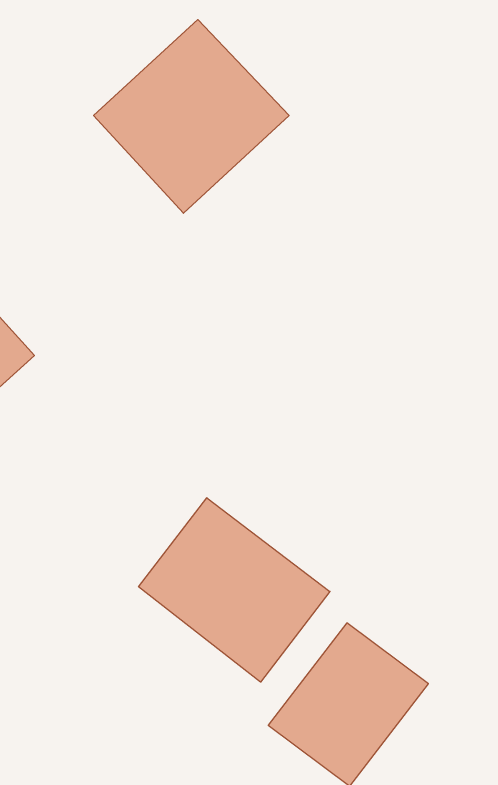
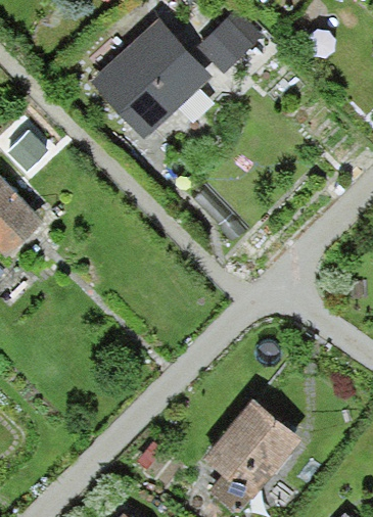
building: [139,498,330,682] -> none

